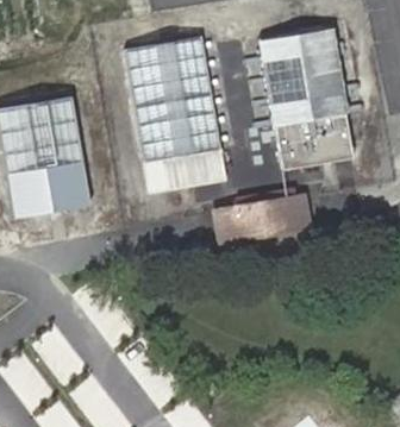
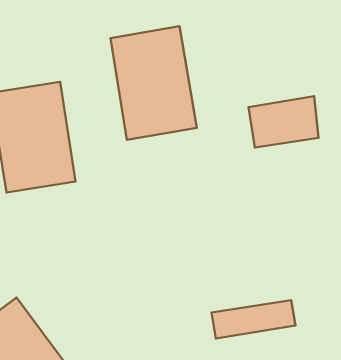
building: [258,31,348,127] -> none
building: [144,150,226,196] -> none
building: [215,201,307,243] -> [211,300,296,339]

